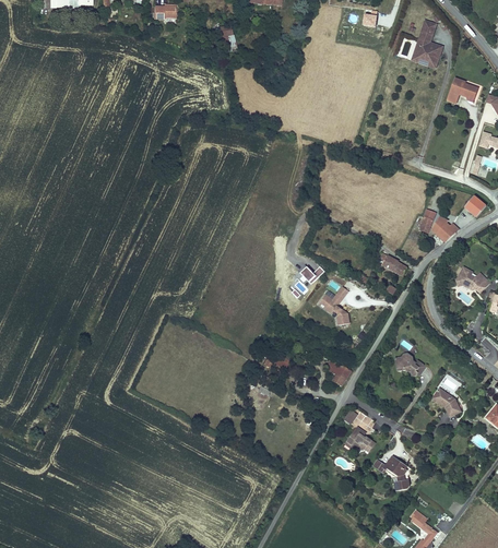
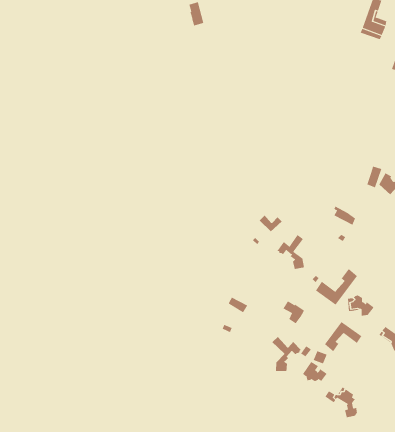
building: none -> [315,268,358,306]
building: none -> [324,321,362,352]
building: none -> [271,336,302,372]

